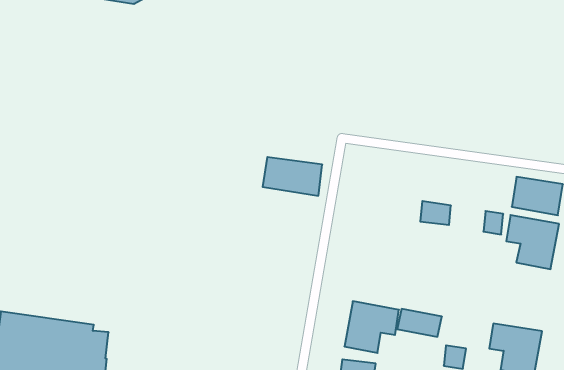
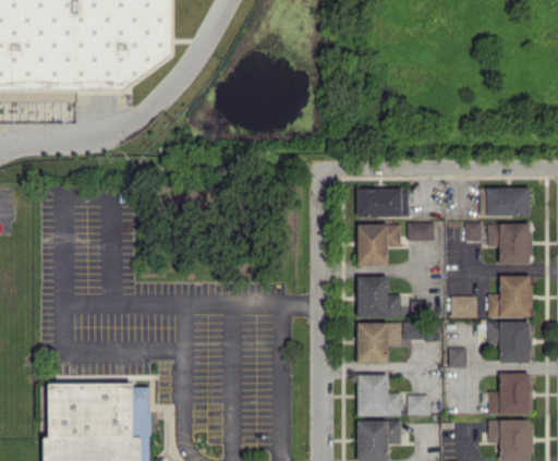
building: [263,157,322,196] -> [357,189,409,217]
building: none -> [357,223,400,265]
building: none -> [357,276,402,317]
building: none -> [487,276,532,316]
building: none -> [450,295,476,317]

